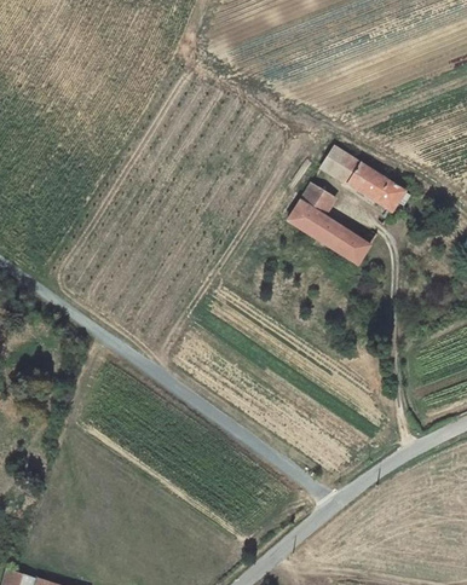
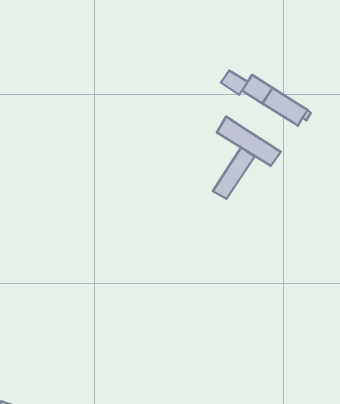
building: [300,185,335,216] -> [221,71,248,95]
building: none -> [213,147,254,199]

